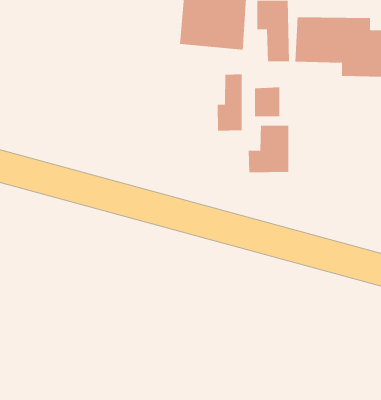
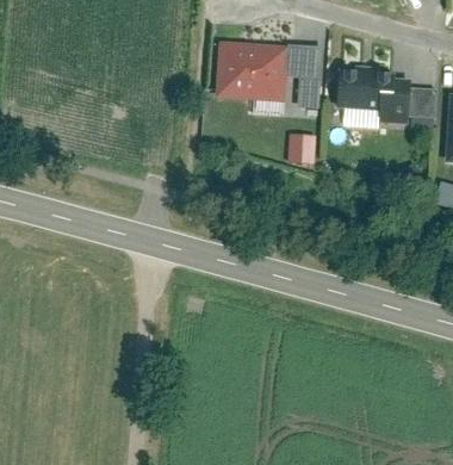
building: [217,74,242,131] -> none
building: [248,125,289,173] -> none

